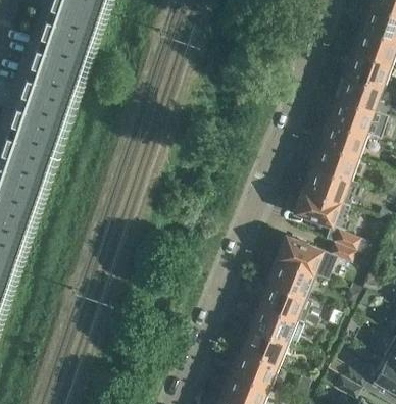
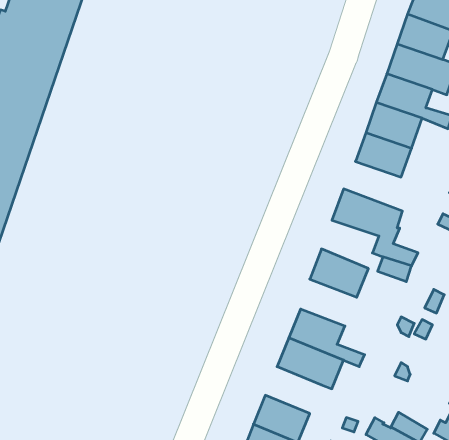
building: [302,165,356,204] -> none
building: [268,257,312,294] -> none
building: [241,325,287,365] -> none

